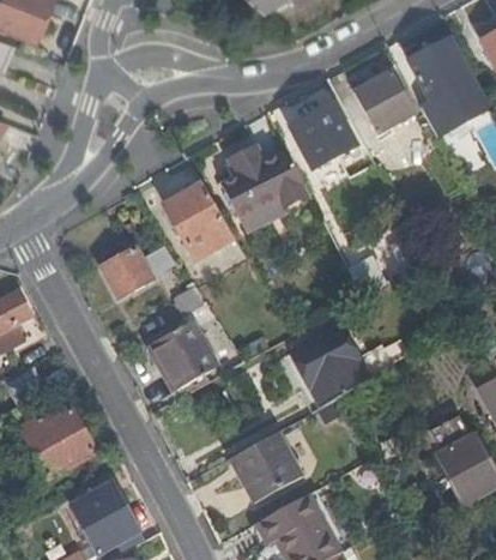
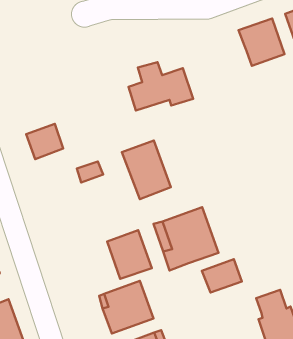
building: [289,102,356,168] -> none
building: [164,180,234,258] -> [122,140,171,199]
building: [151,321,213,387] -> [107,230,152,279]
building: none -> [202,259,242,293]

